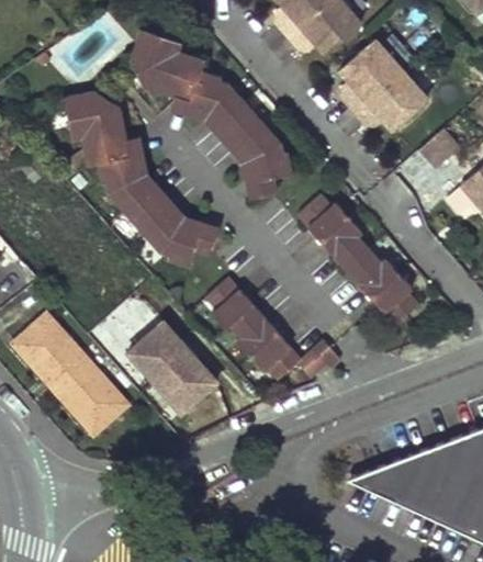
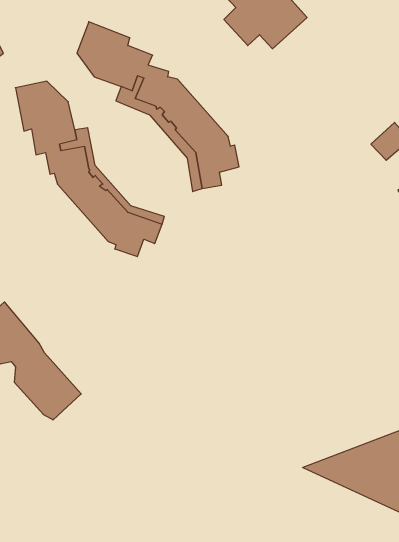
building: [340,41,427,131] -> none
building: [295,193,416,326] -> none
building: [204,277,338,379] -> none
building: [139,329,225,417] -> none

